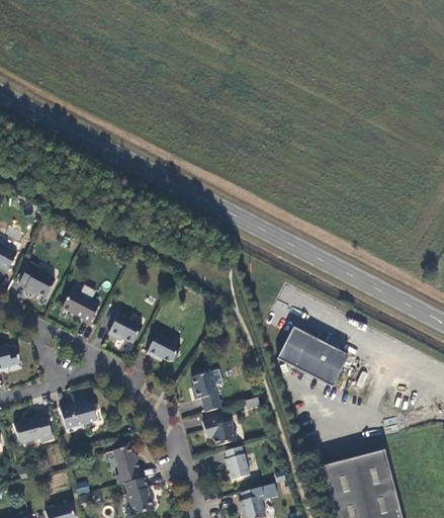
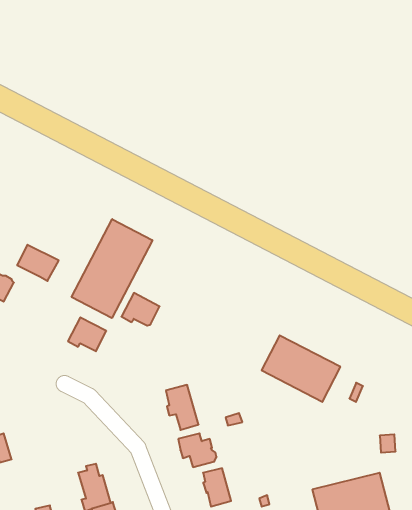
building: none -> [72,219,152,318]
building: [62,288,99,321] -> [17,245,59,281]
building: [146,332,180,361] -> [121,293,160,326]
building: [59,398,98,432] -> none

